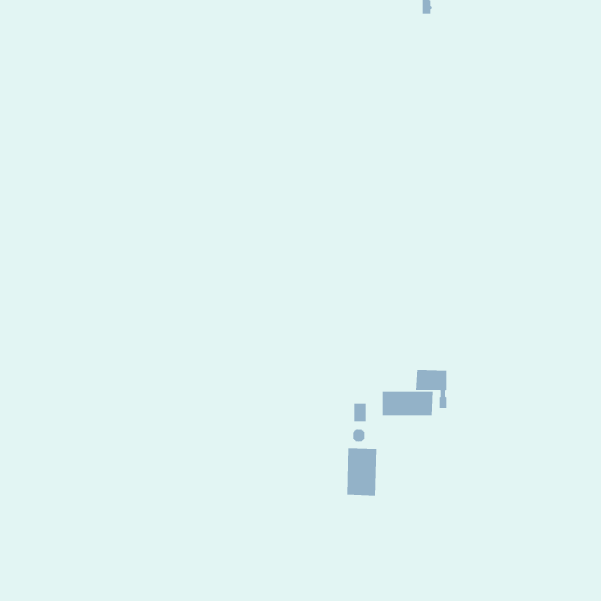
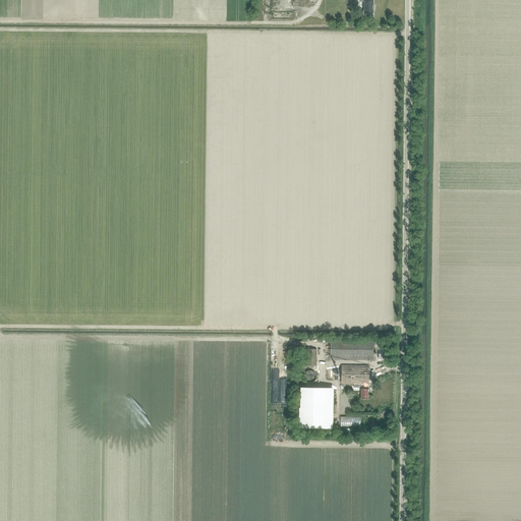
building: [415,369,447,408] -> [342,364,369,398]

